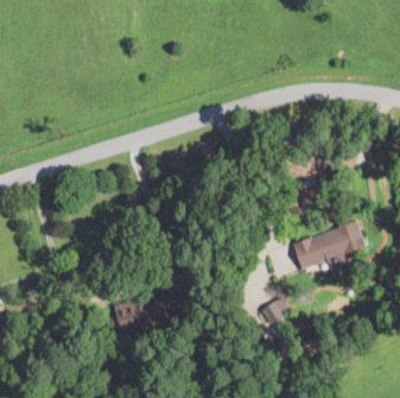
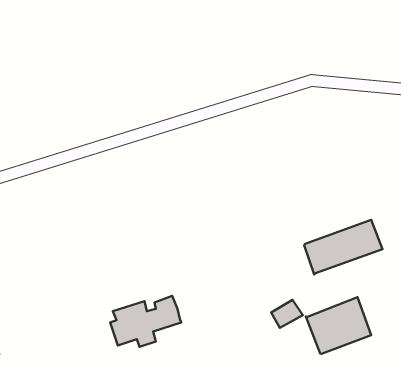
building: none -> [306,297,371,354]

